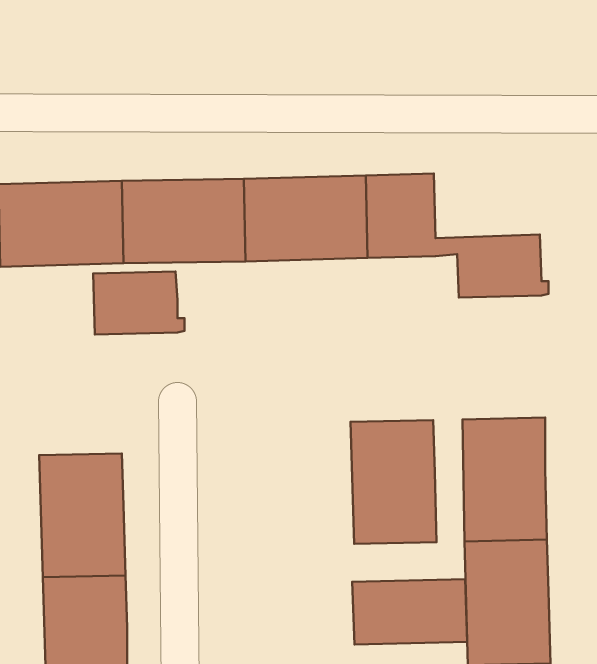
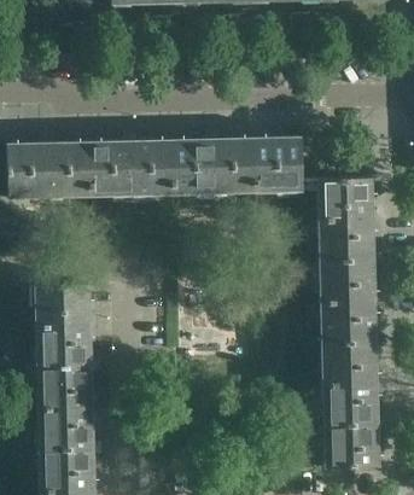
building: [93,272,185,334] -> [34,283,95,325]
building: [351,420,437,544] -> [317,217,375,301]
building: [352,579,467,645] -> none

